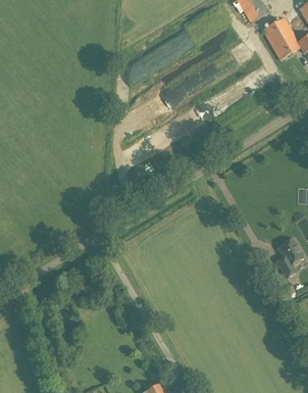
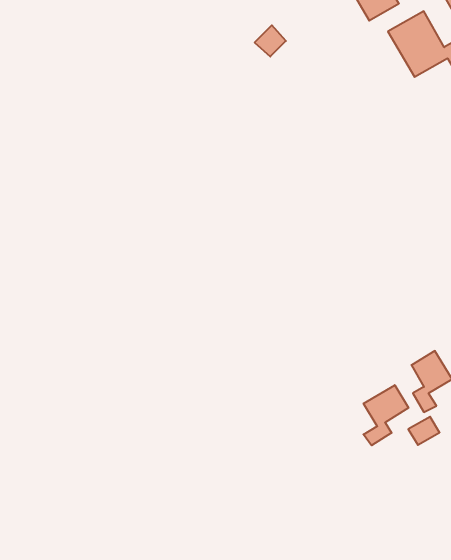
building: none -> [363,385,408,445]

